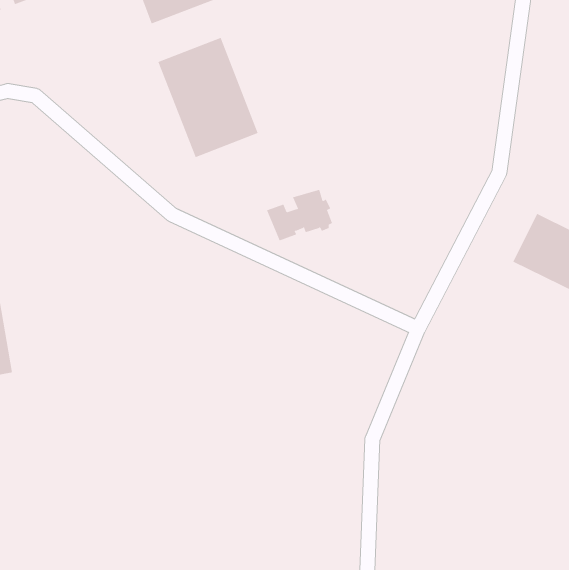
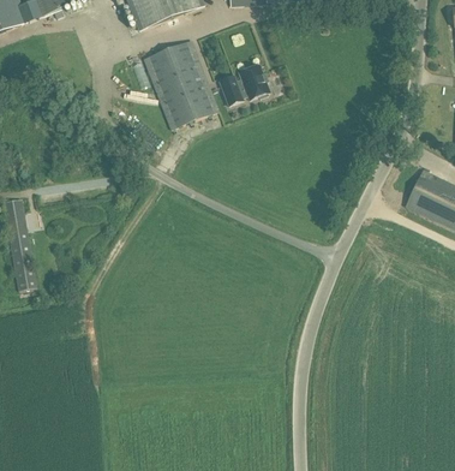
building: [266,189,333,241] -> [218,66,268,105]

